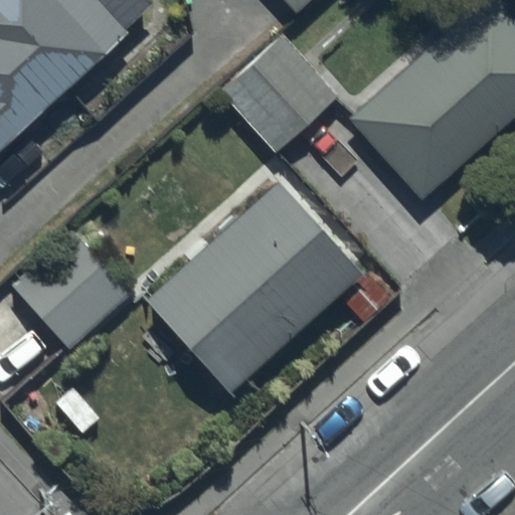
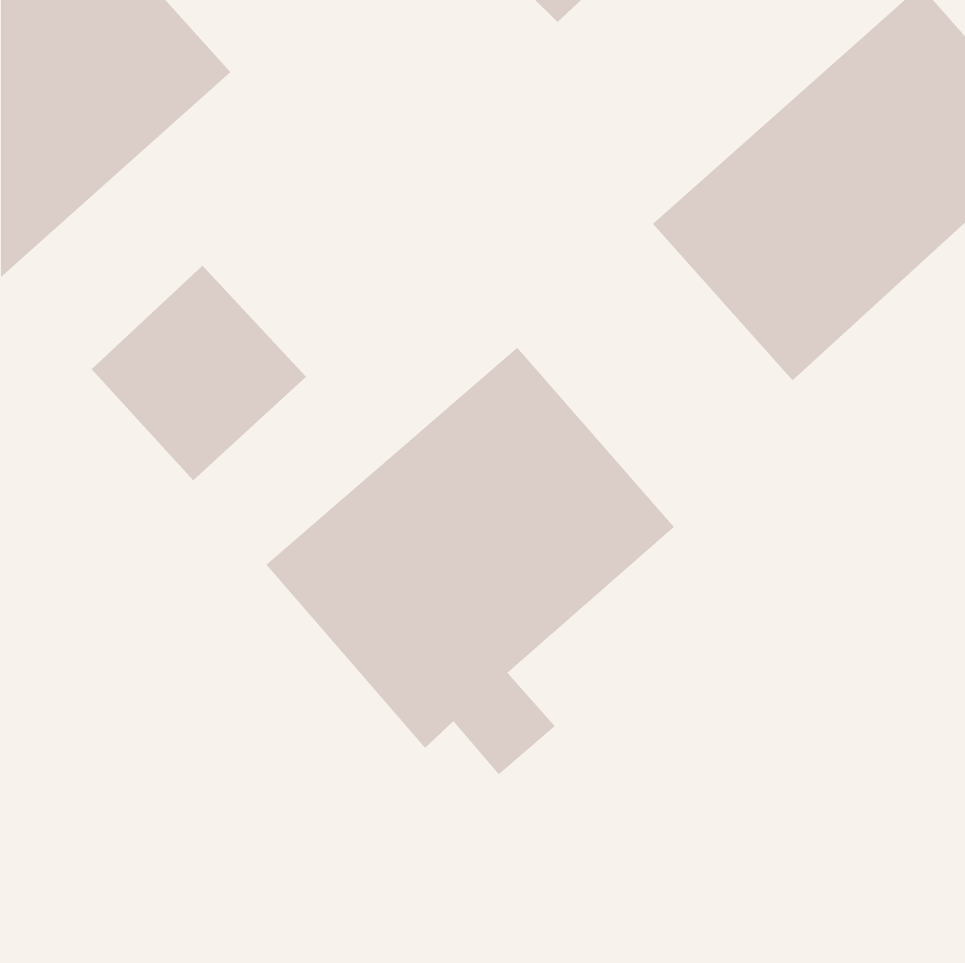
building: [221,32,339,149] -> none
building: [14,231,129,346] -> [91,265,307,481]

